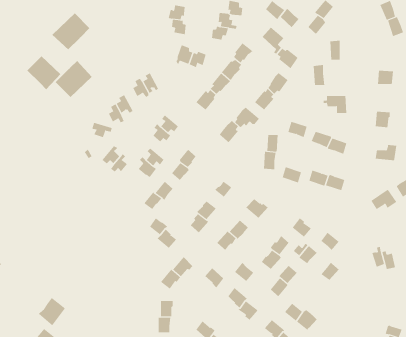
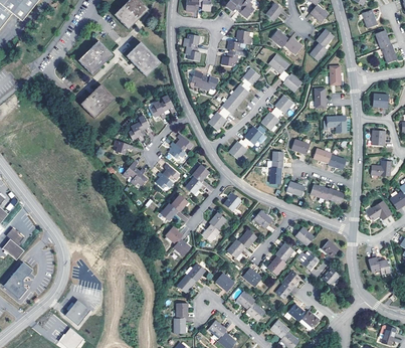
building: none -> [126,41,161,76]
building: [27,56,61,90] -> none

